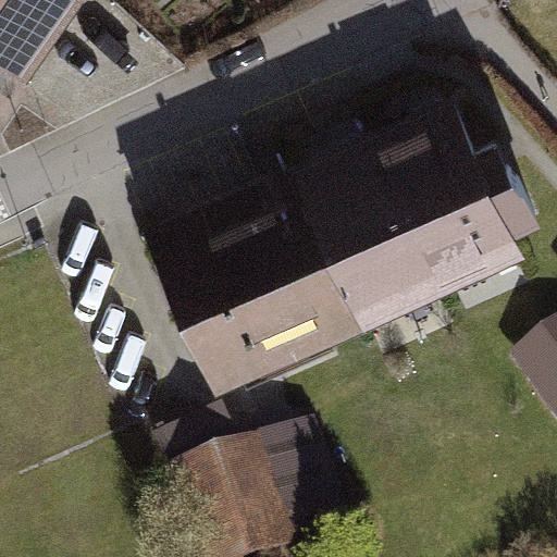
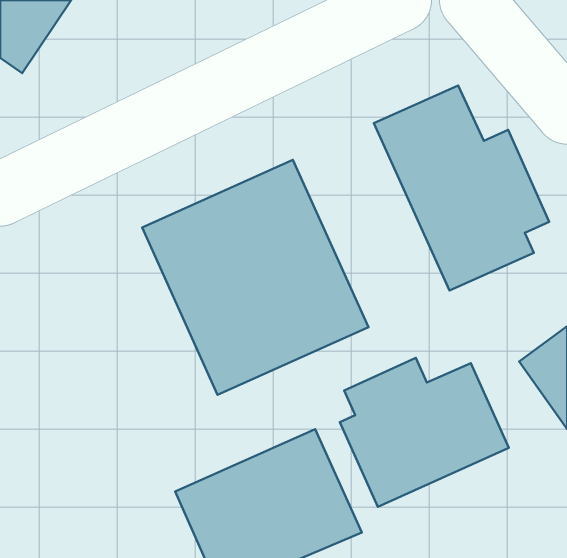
building: [287,129,441,330] -> none
building: none -> [340,358,509,507]

